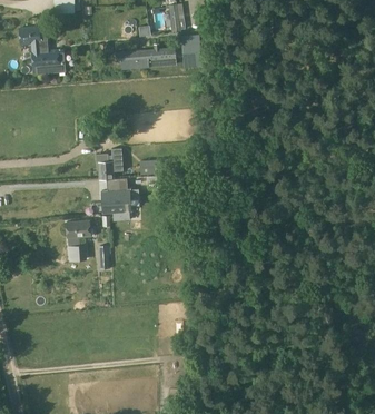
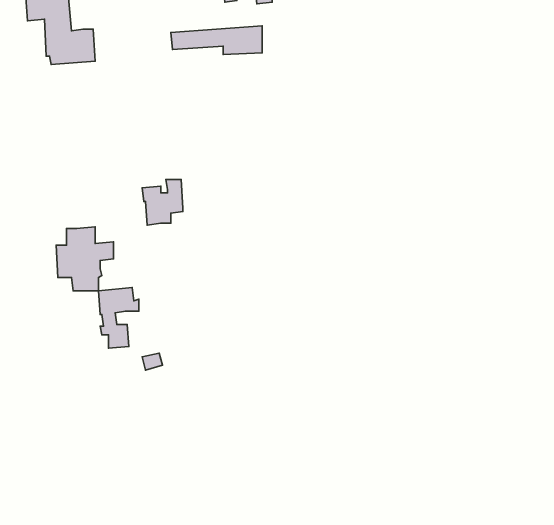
building: [181,36,201,67] -> none
building: [101,177,139,219] -> [56,227,114,291]

